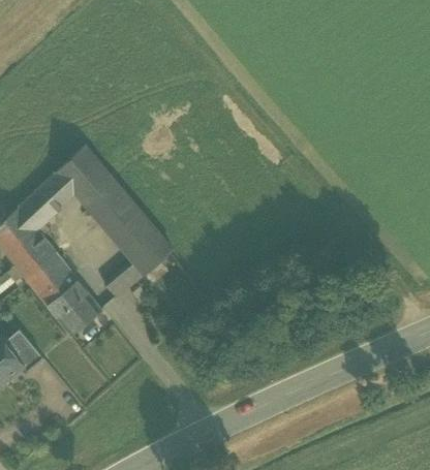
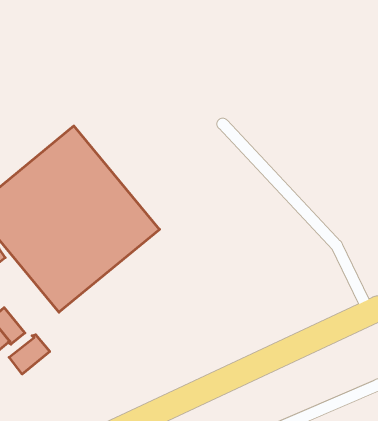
building: none -> [9,335,50,374]

